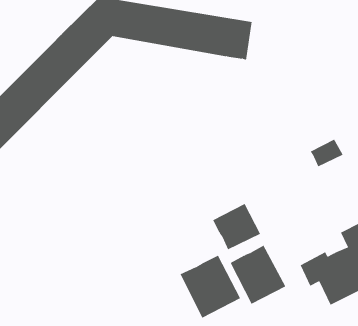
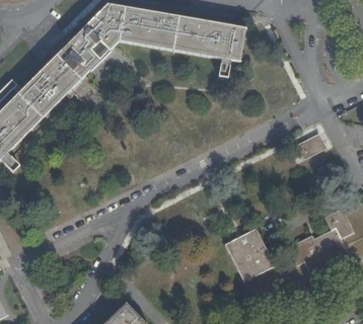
building: [213,203,261,250] -> none
building: [180,255,241,319] -> none

